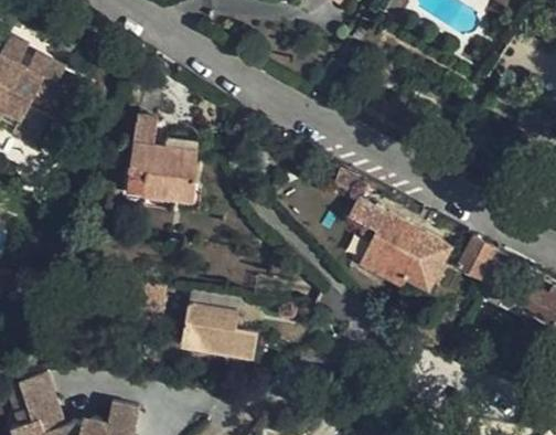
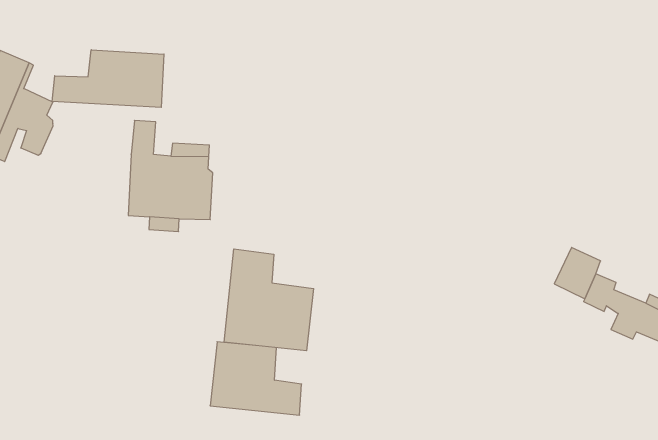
building: none -> [52,50,164,107]
building: [350,199,451,286] -> none
building: none -> [224,249,314,351]

